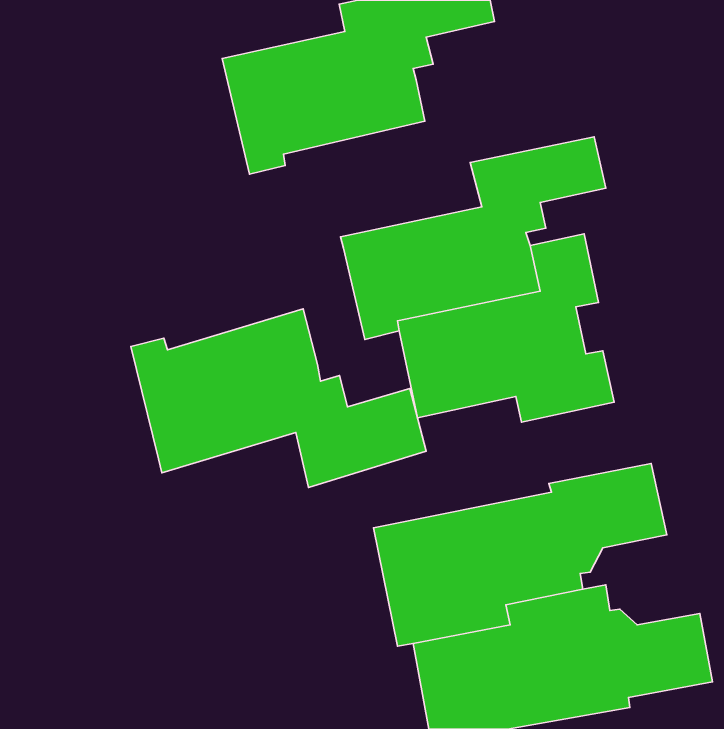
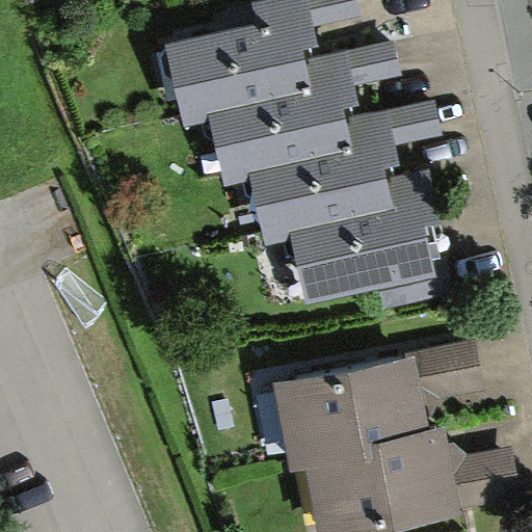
building: none -> [207,37,402,187]
building: [131,309,426,488] -> none

